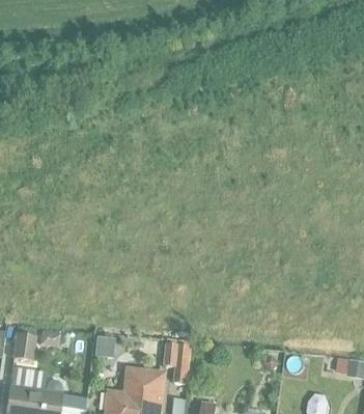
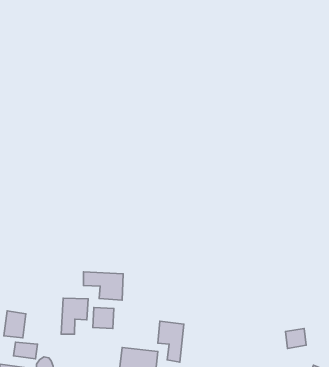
building: none -> [84,272,123,300]
building: none -> [61,298,88,334]

